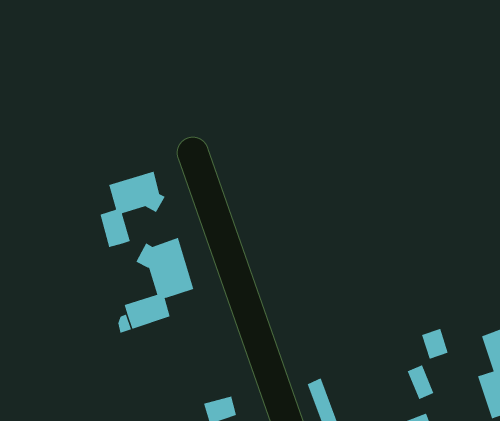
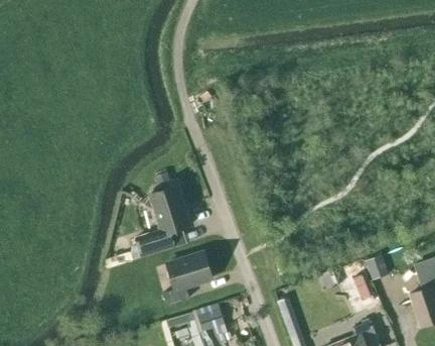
building: [100,171,165,248] -> none
building: none -> [162,253,211,306]

